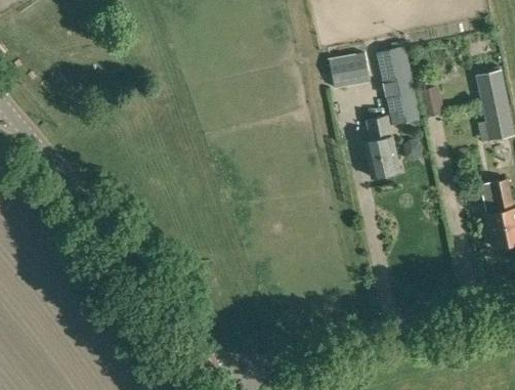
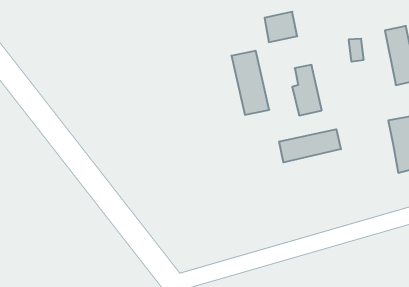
building: [376,47,422,125] -> [231,51,269,115]
building: none -> [279,129,341,162]

